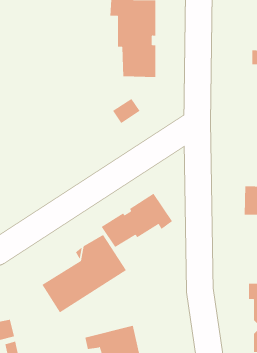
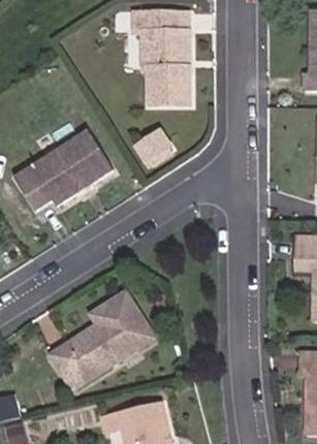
building: none -> [13,129,113,210]
building: [101,193,173,248] -> none

